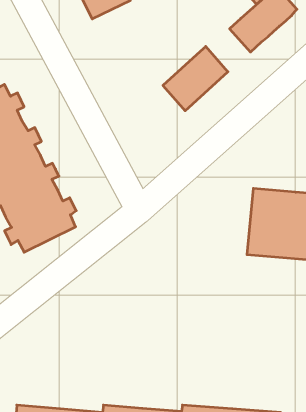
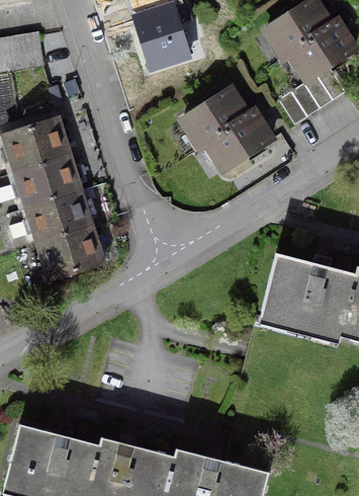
building: none -> [181,90,246,147]

